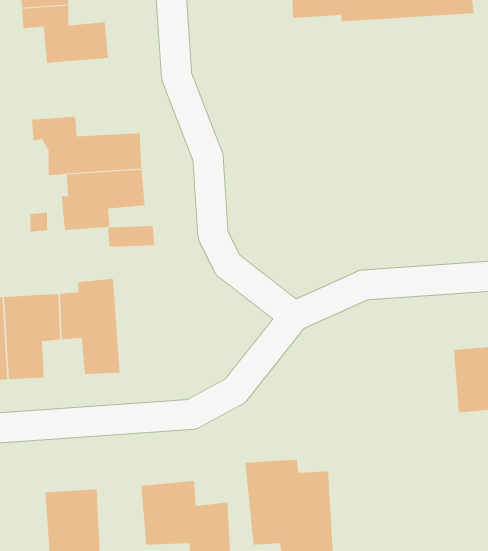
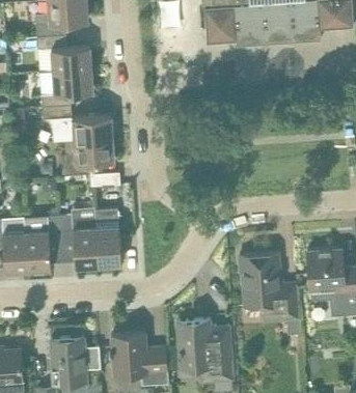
building: none -> [40,68,92,107]
building: none -> [94,206,121,265]
building: none -> [243,253,301,335]

